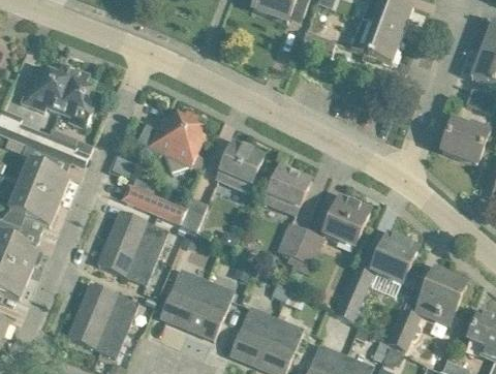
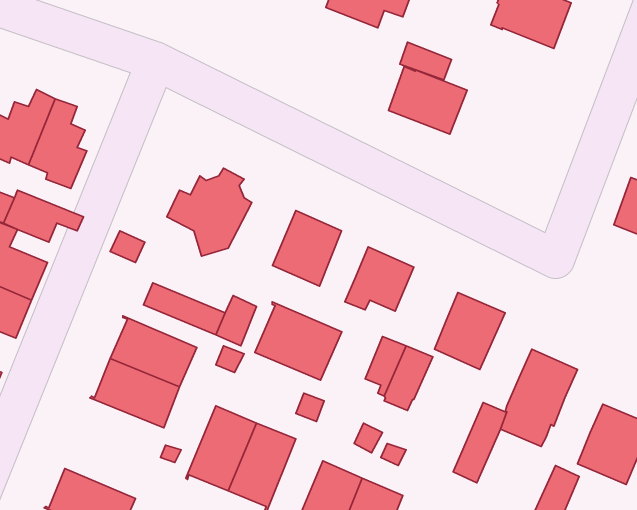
building: [350,20,402,64] -> [388,67,467,134]
building: none -> [255,302,342,380]
building: [81,284,137,331] -> none

